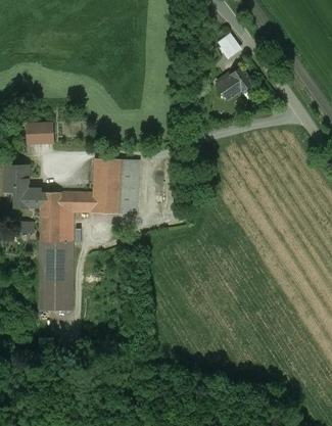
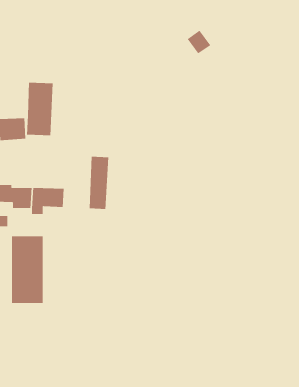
building: [217,66,251,99] -> none
building: [92,159,120,214] -> [26,82,53,136]
building: [39,214,72,241] -> none

